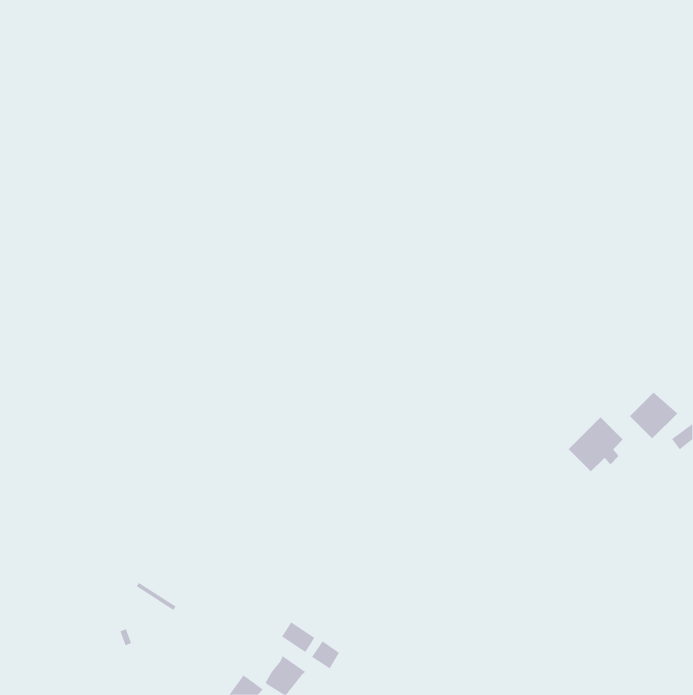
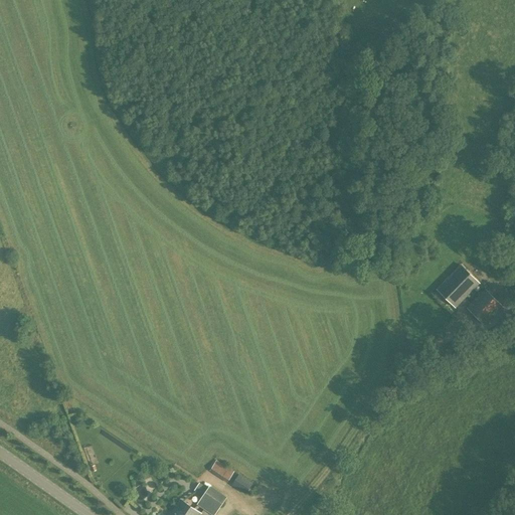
building: [568,417,624,472] -> [437,266,478,307]

